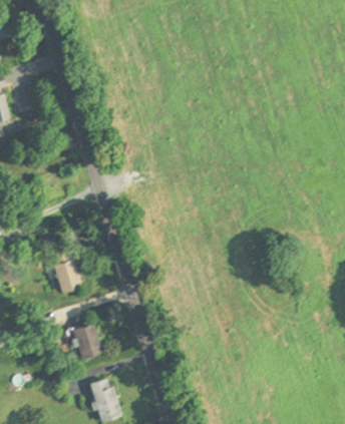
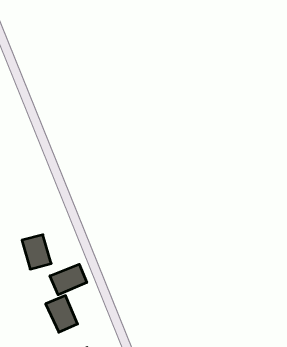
building: none -> [50,264,87,295]

